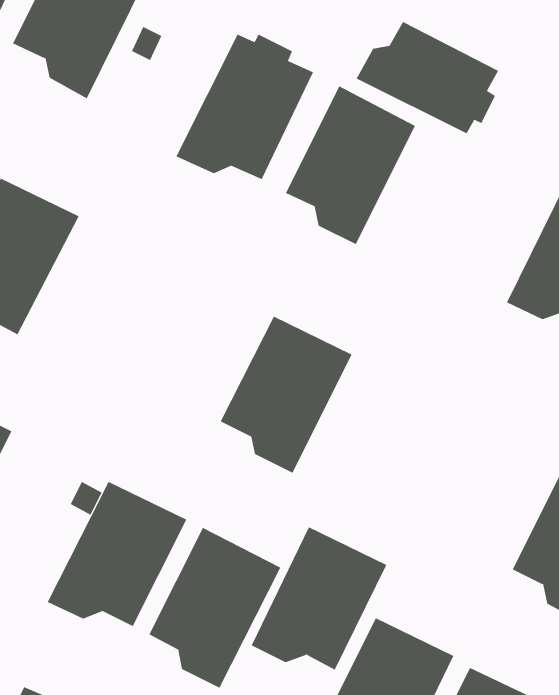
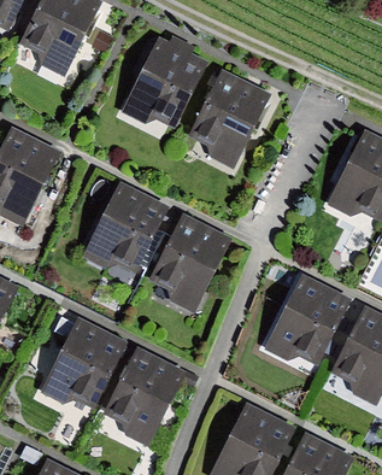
building: [356,21,499,134] -> none
building: none -> [82,181,169,271]
building: [251,526,387,670] -> [265,274,351,364]

